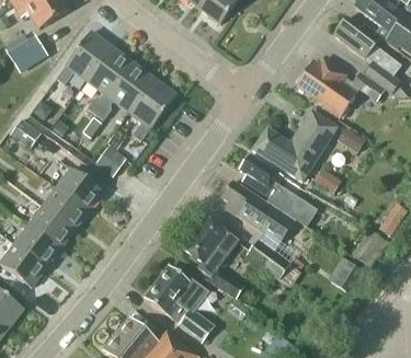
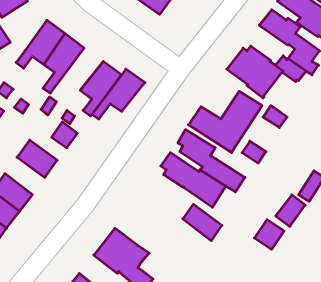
building: [94,61,155,118] -> [92,69,145,119]
building: [42,186,88,229] -> none
building: [182,216,241,297] -> none

